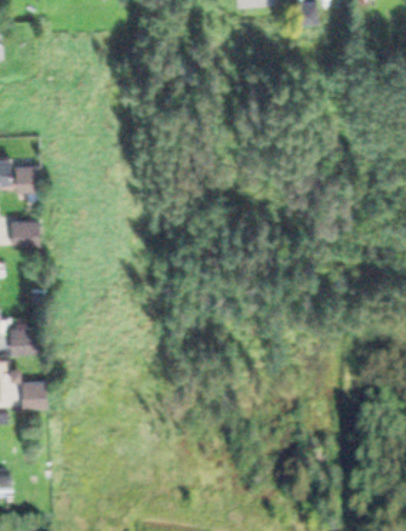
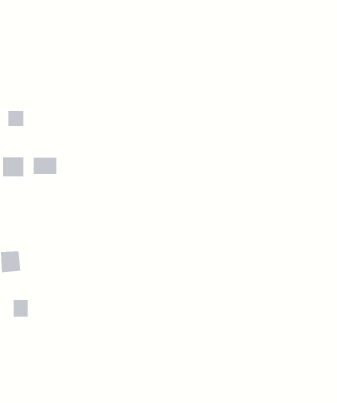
building: none -> [33,157,57,175]

